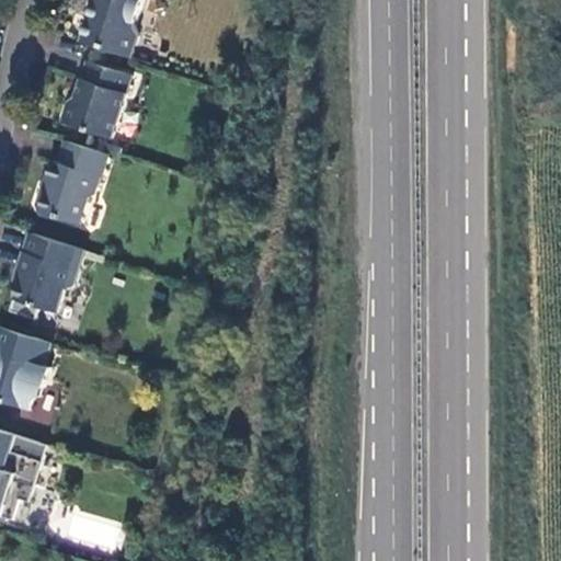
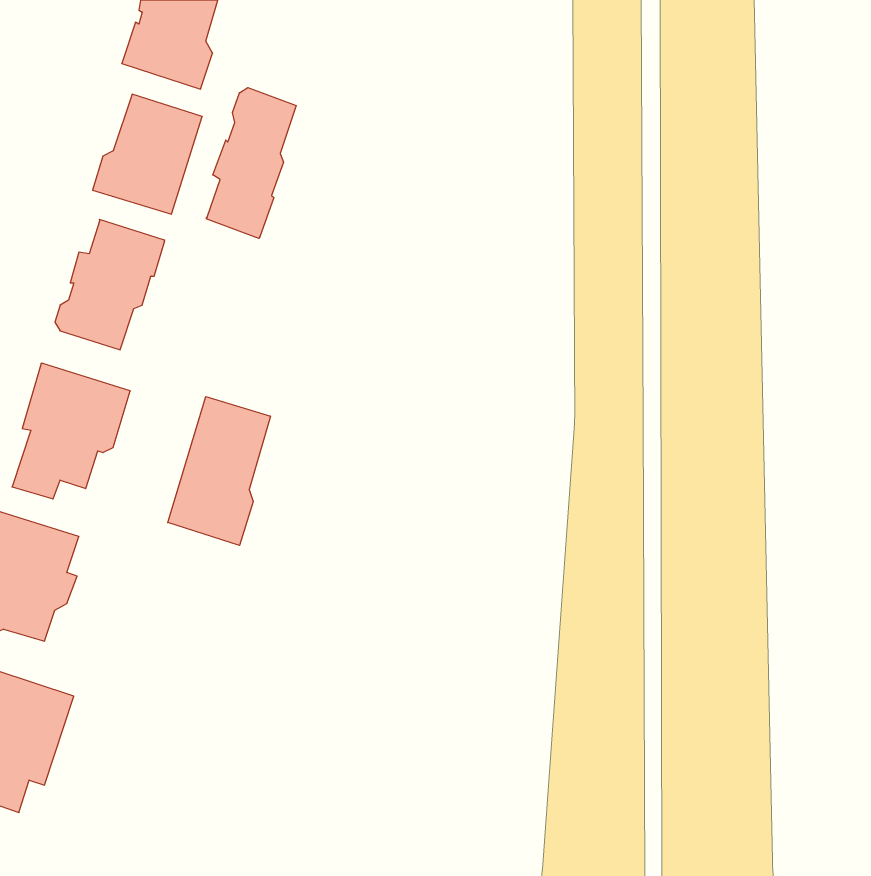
building: none -> [206,88,296,238]
building: none -> [168,397,270,545]

